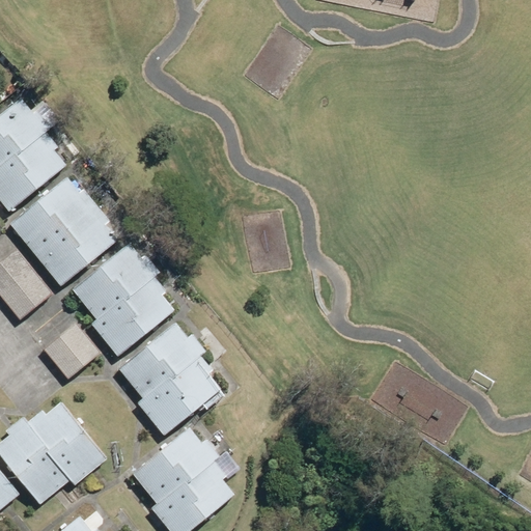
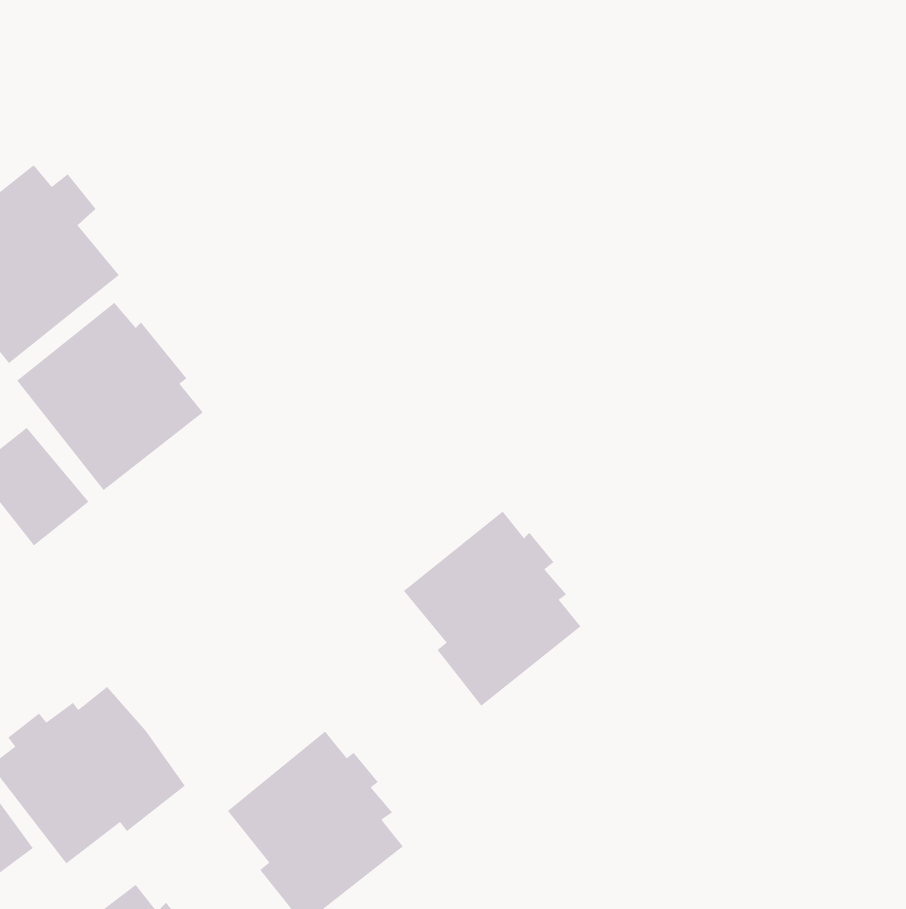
building: [72,242,174,356] -> none
building: [117,322,221,436] -> [403,511,581,707]
building: [44,324,99,379] -> none

